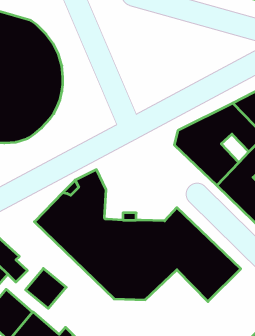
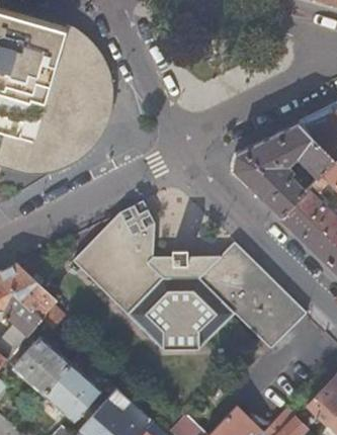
building: [26,268,66,308] -> none

